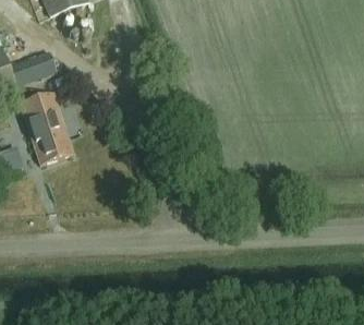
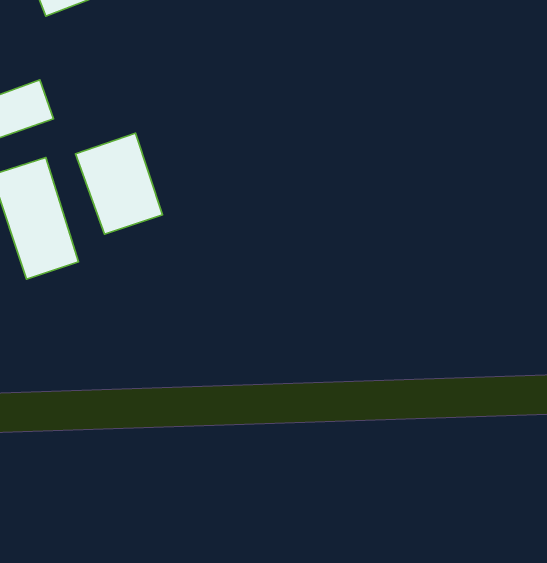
building: none -> [75,133,163,234]

